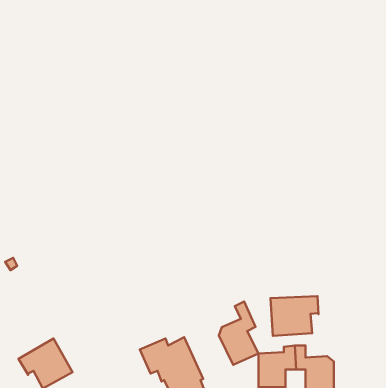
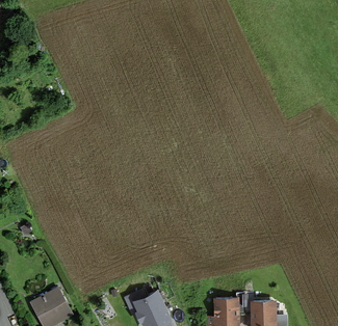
building: [270,296,318,336] -> none
building: [219,301,258,365] -> none

